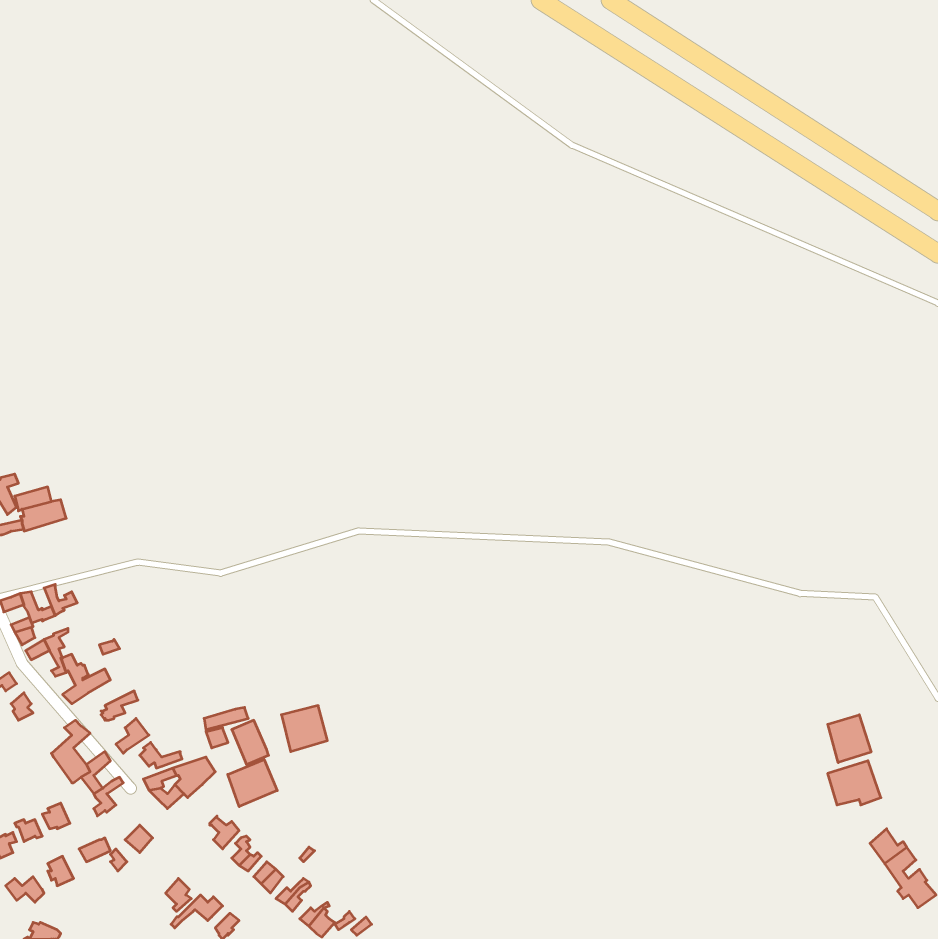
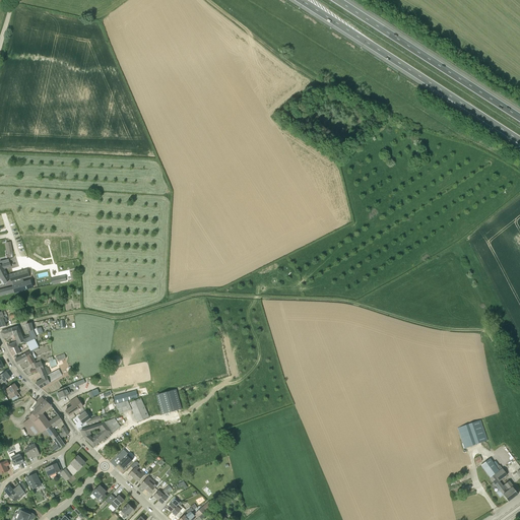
building: [828,715,871,763] -> none
building: [228,760,277,807] -> none

